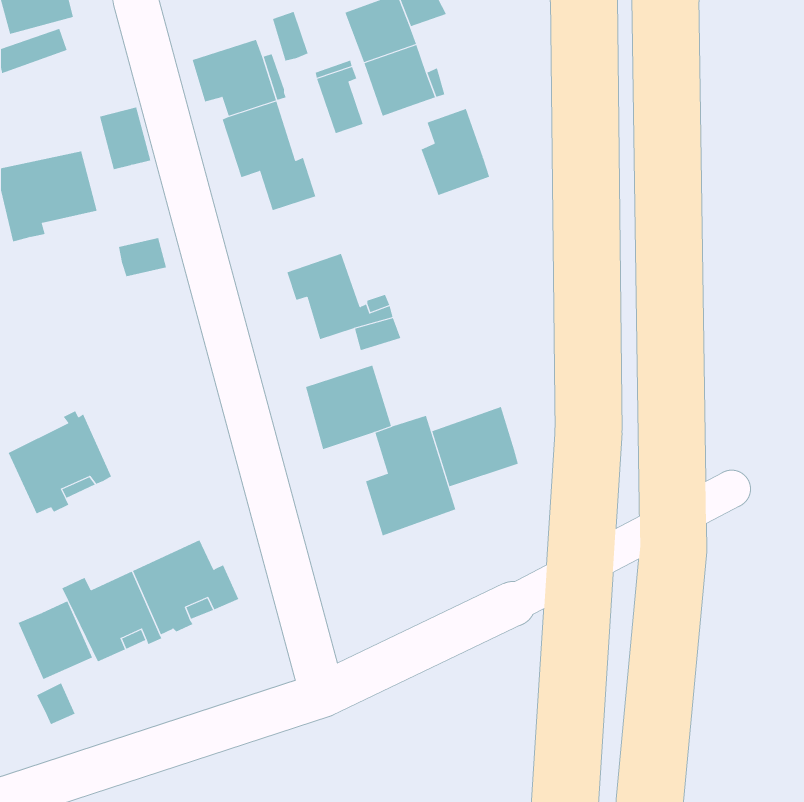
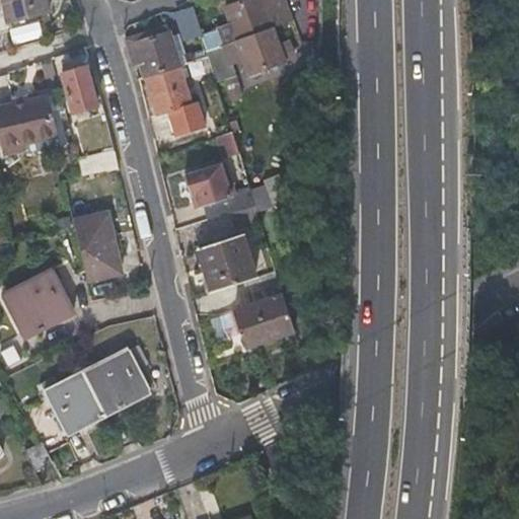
building: [421,108,490,196] -> none
building: none -> [73,213,124,280]
building: [431,406,518,487] -> none
building: [18,600,93,680] -> none

